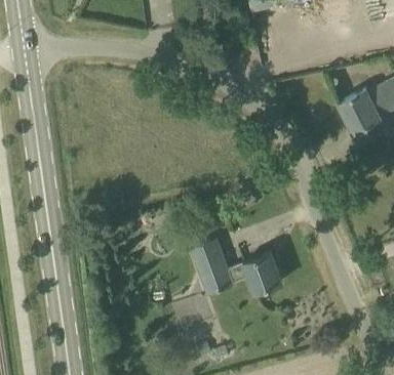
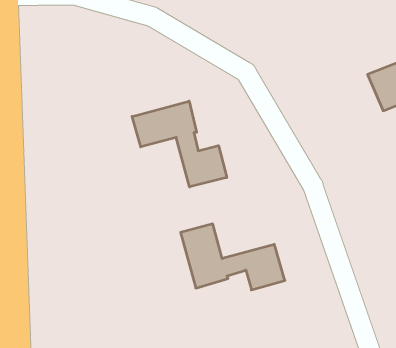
building: none -> [132,101,227,187]

